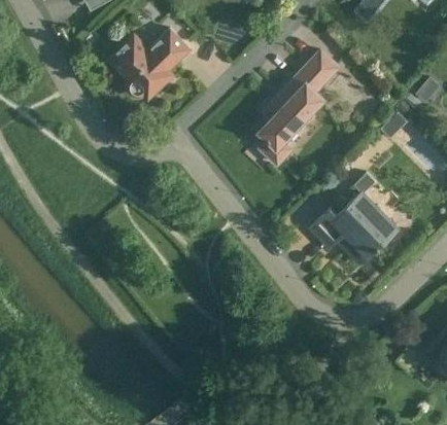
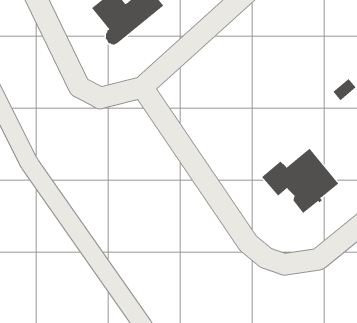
building: [260,49,339,163] -> none

